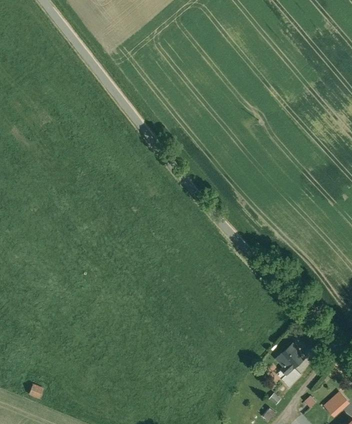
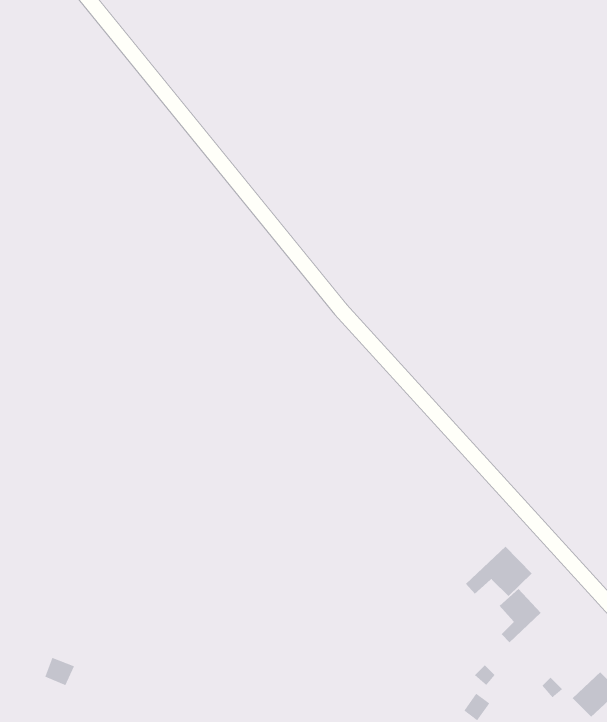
building: none -> [465,546,532,597]

